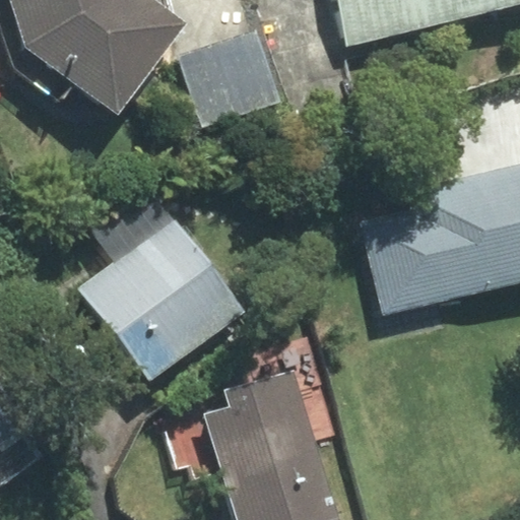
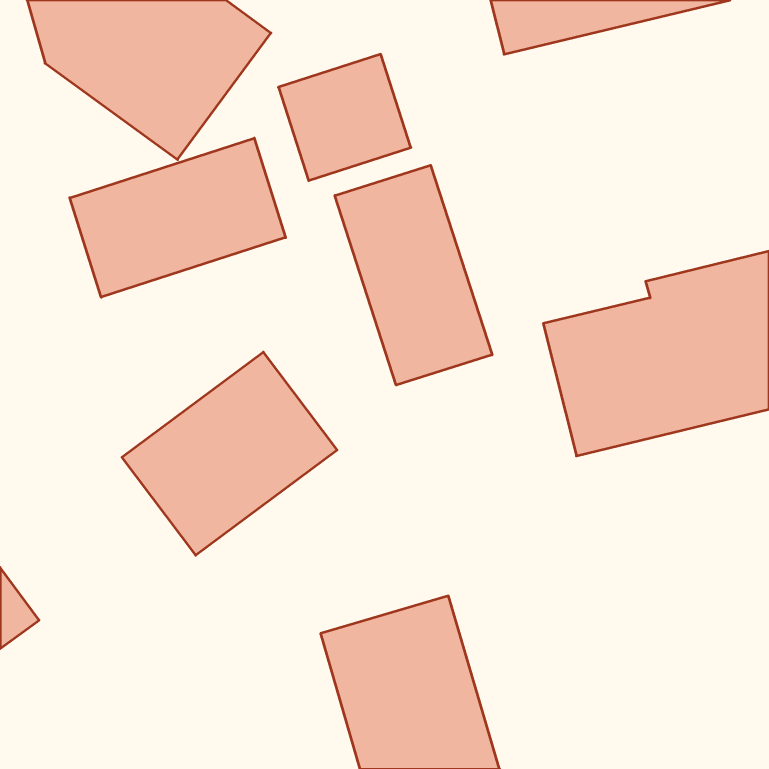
building: none -> [70,138,286,297]
building: none -> [335,165,492,385]

